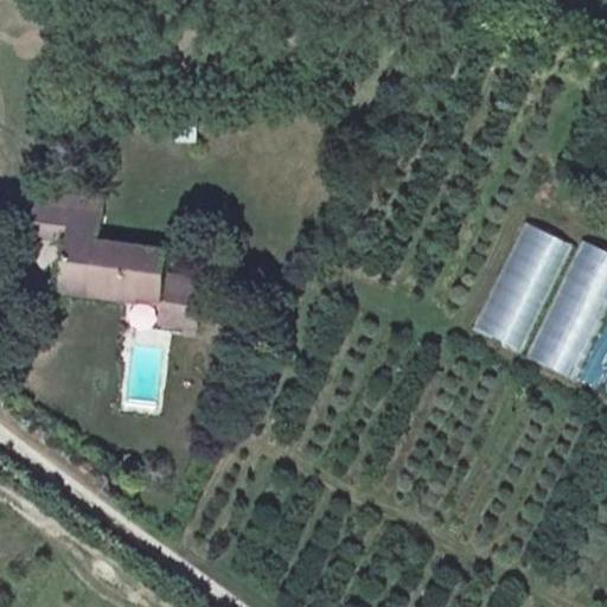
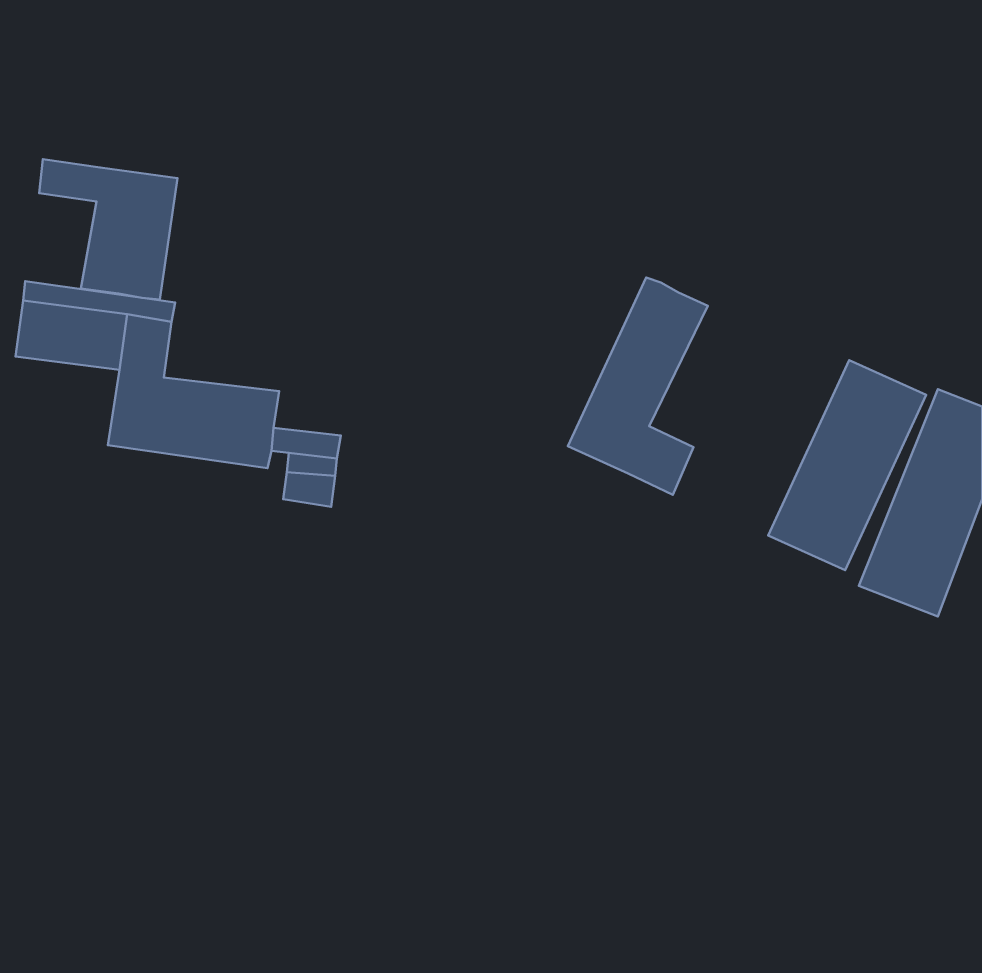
building: none -> [39,159,177,299]
building: none -> [568,277,708,495]

